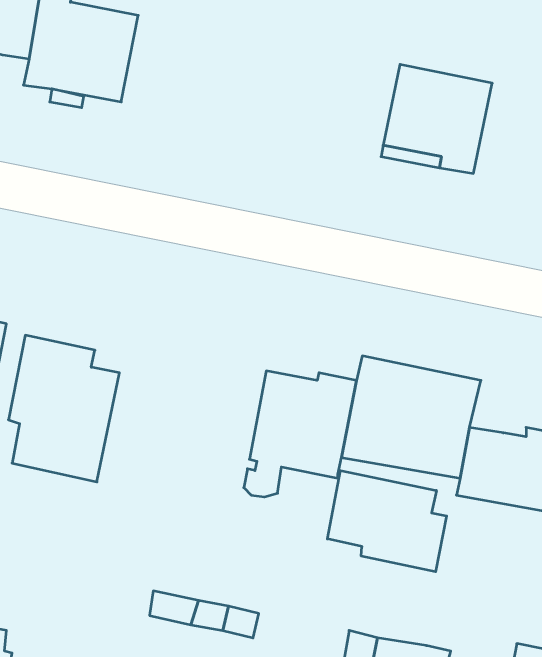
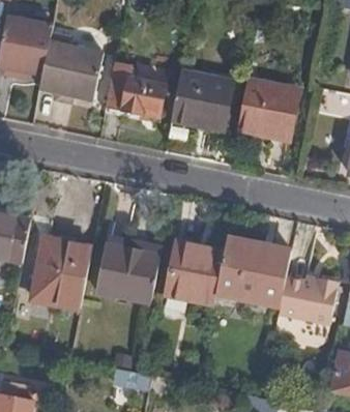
building: none -> [106,62,166,115]
building: none -> [172,65,232,126]
building: none -> [95,237,161,304]
building: [327,471,447,572] -> none

